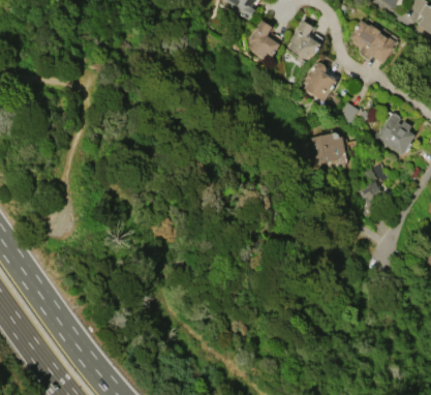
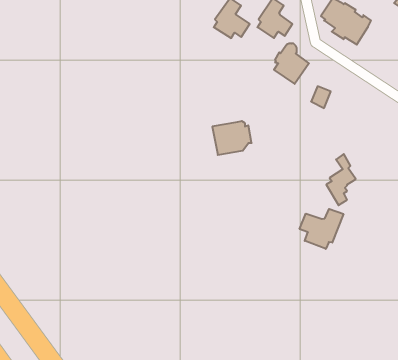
building: [375,113,414,156] -> none
building: [308,132,345,164] -> [212,121,252,155]
building: none -> [300,209,343,249]

